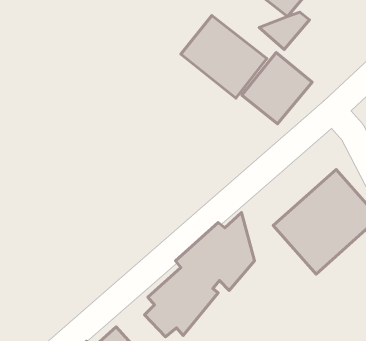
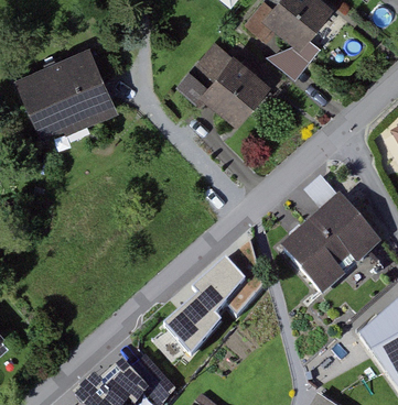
building: none -> [19,50,118,143]
building: [242,53,312,124] -> none

